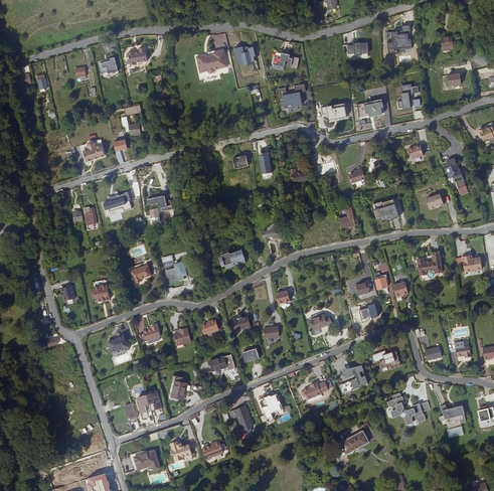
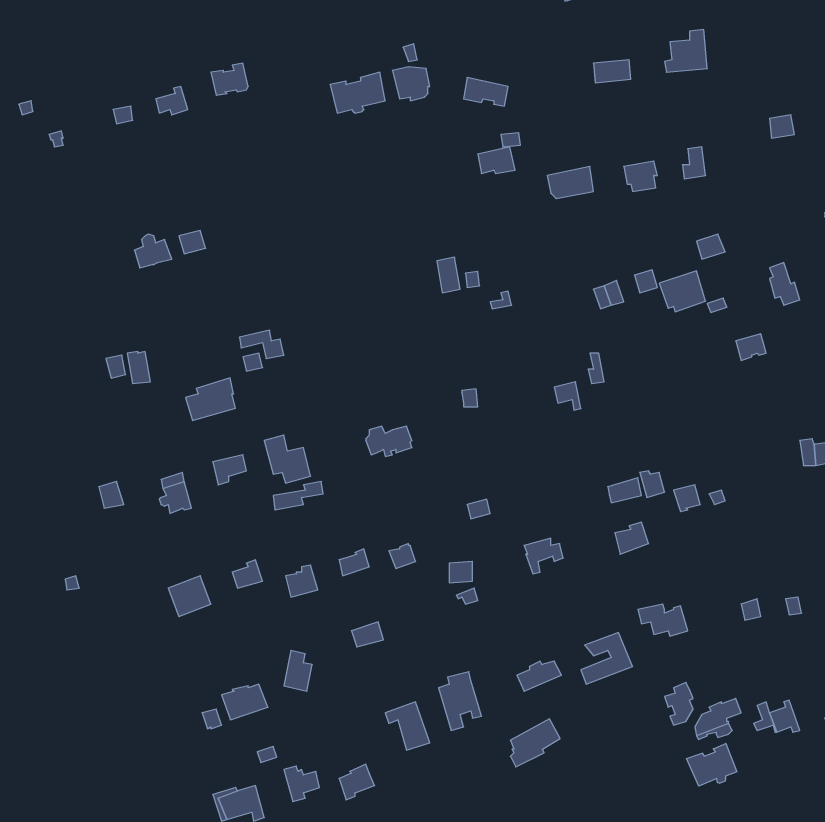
building: [102,190,130,214] -> [186,378,235,421]
building: [371,197,397,220] -> [659,271,706,312]
building: [415,256,444,276] -> none
building: none -> [687,743,737,786]
building: [338,431,366,458] -> [510,719,560,767]

